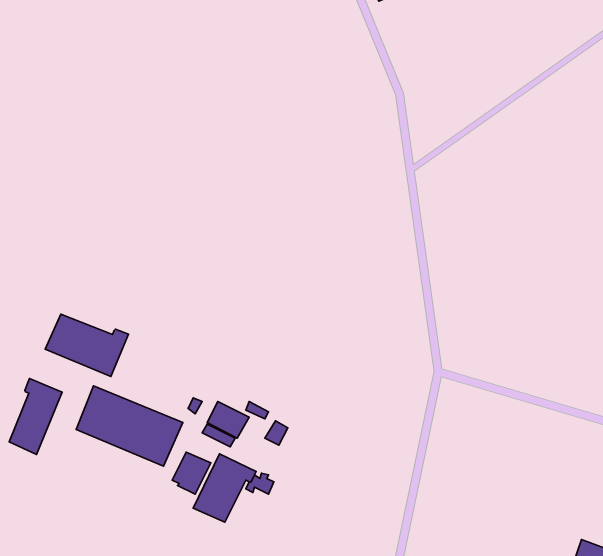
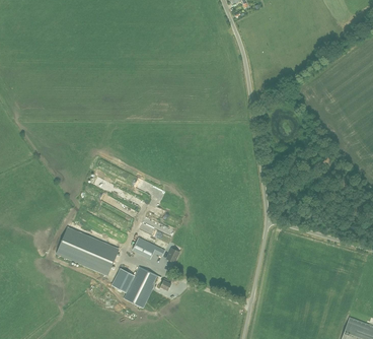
building: [45,314,128,376] -> none
building: [9,378,62,454] -> none

